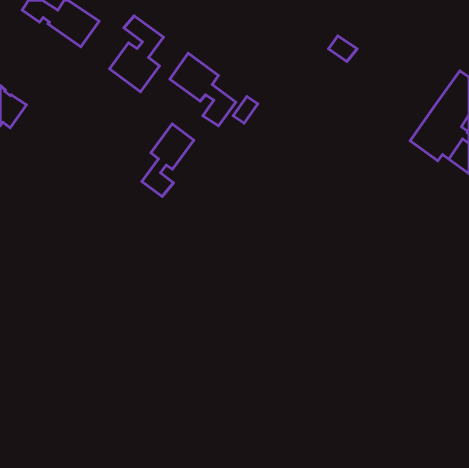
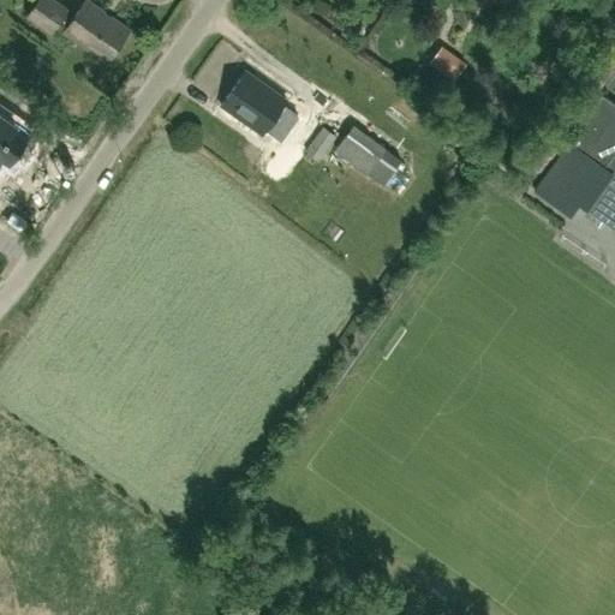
building: [109,16,163,92] -> none
building: none -> [335,126,402,187]
building: [142,124,194,197] -> none

